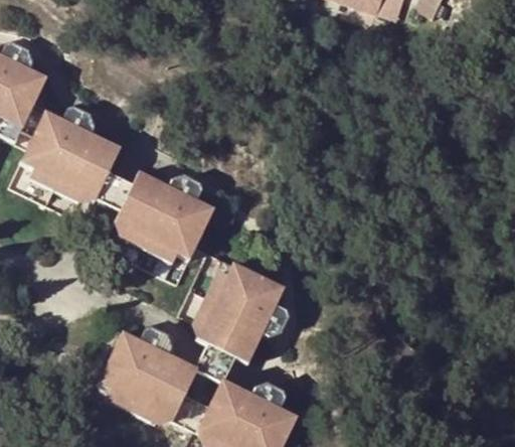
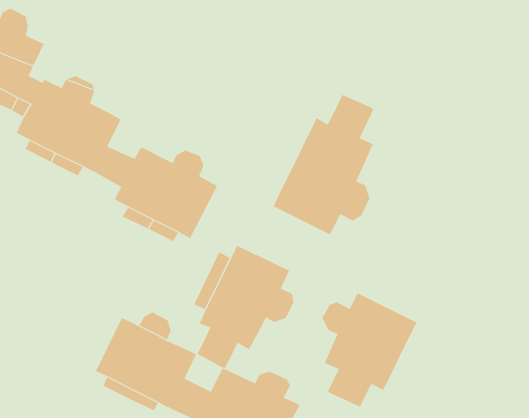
building: none -> [273,94,374,235]
building: none -> [322,292,417,407]

